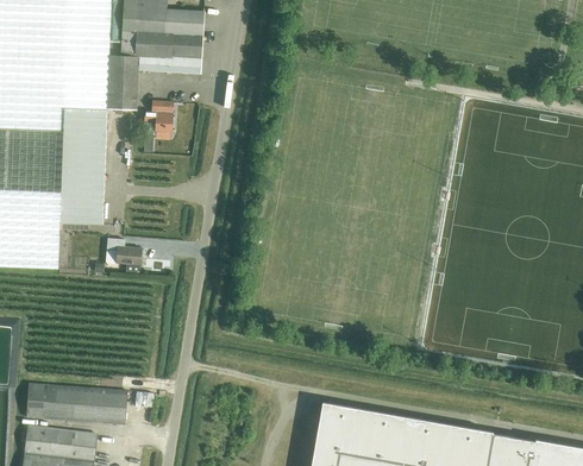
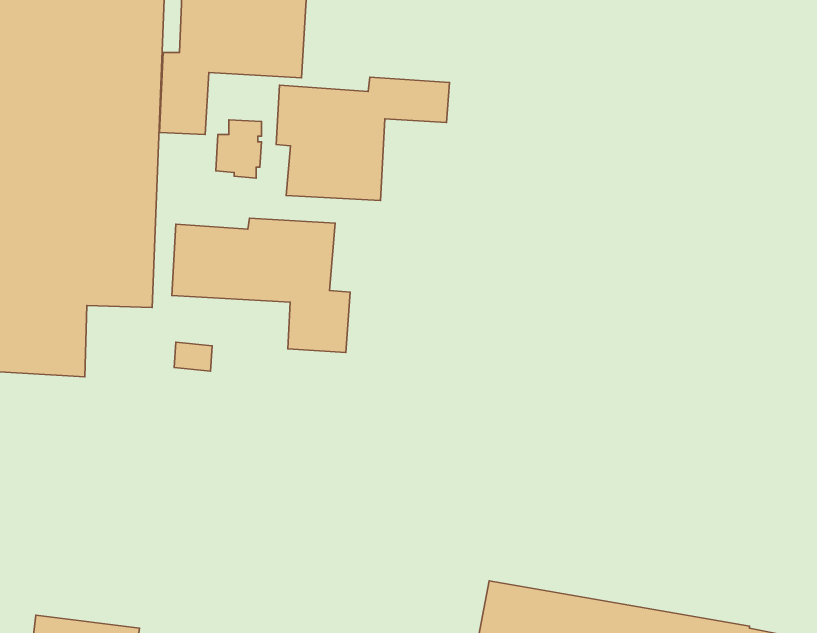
building: none -> [276,77,449,201]
building: none -> [172,218,350,353]
building: [25,383,127,423] -> none

